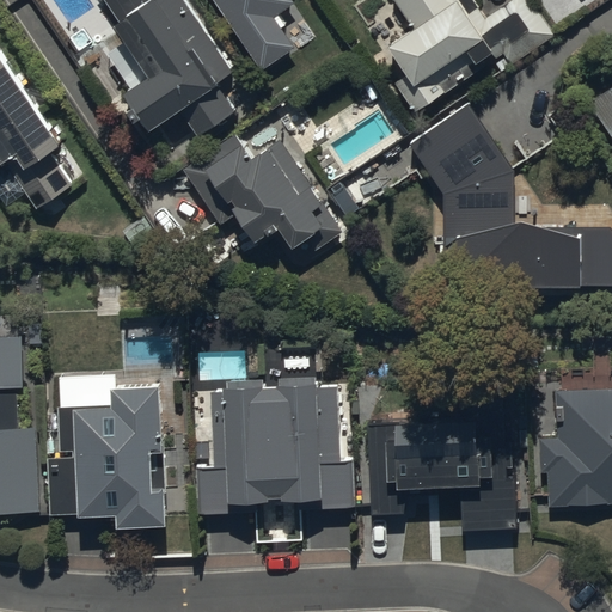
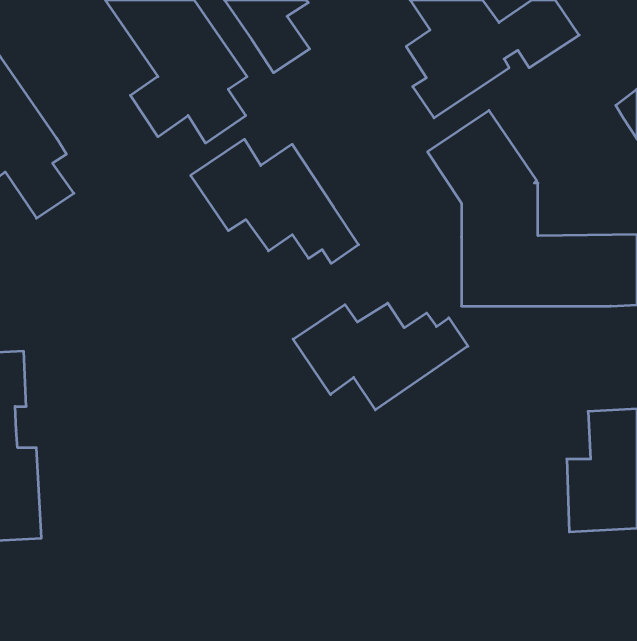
building: none -> [293,303,468,410]
building: [190,381,354,515] -> none
building: [49,385,165,527] -> none
building: [369,396,520,532] -> none

